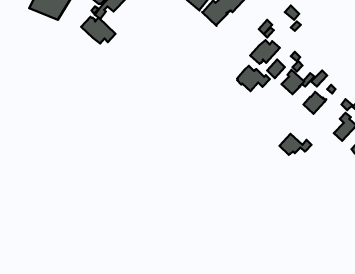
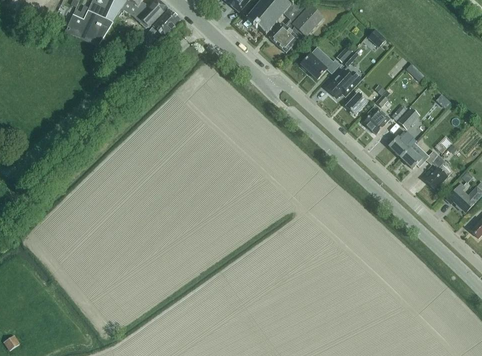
building: [81,17,116,43] -> none
building: [237,66,270,91] -> [301,48,340,78]
building: [280,134,312,155] -> [401,142,439,167]

